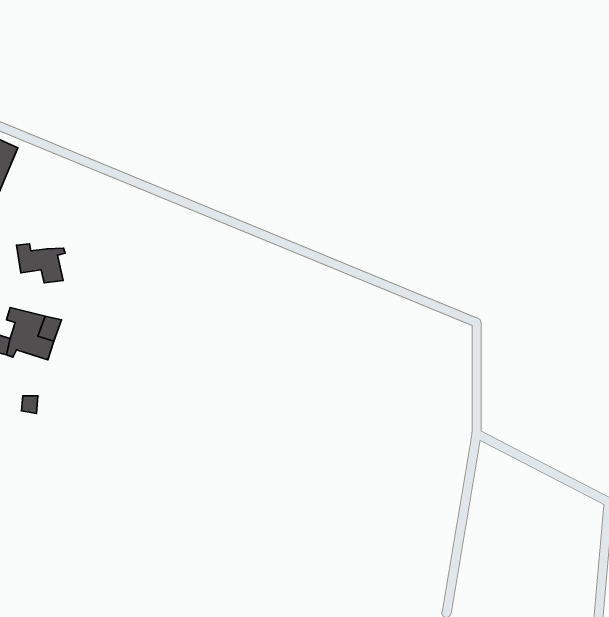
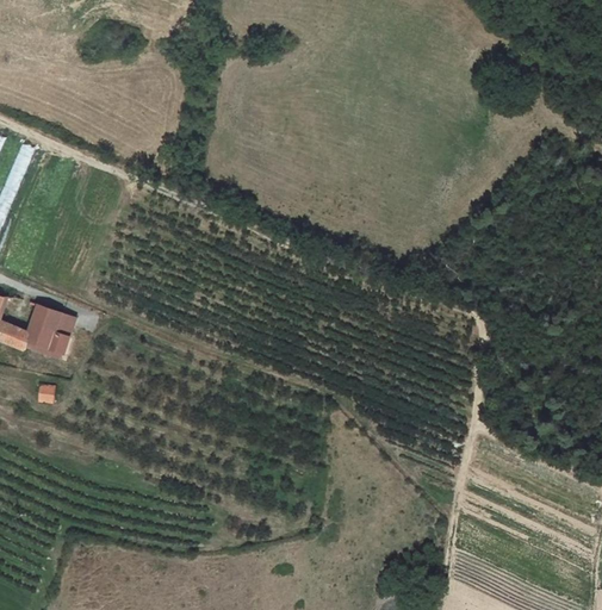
building: [17,244,65,283] -> none

